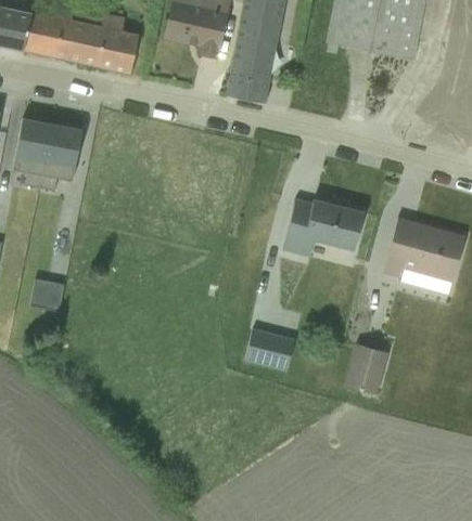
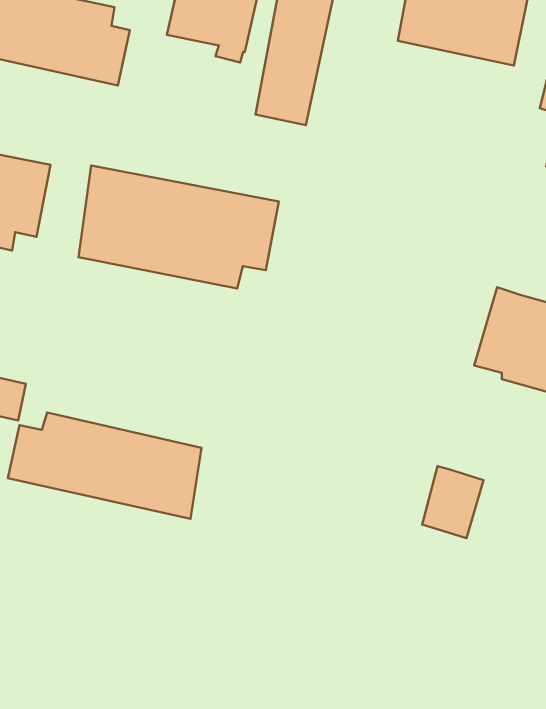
building: none -> [79,166,279,289]
building: [283,197,365,256] -> none
building: none -> [8,413,202,519]
building: [245,327,296,370] -> none

